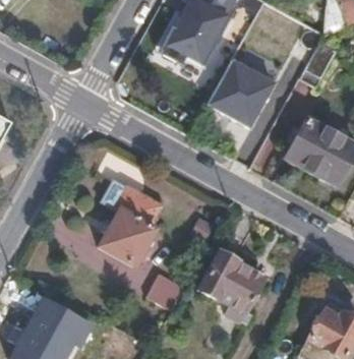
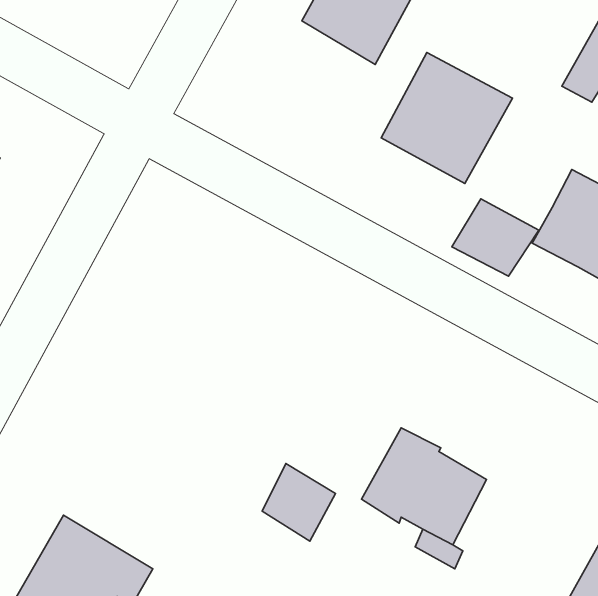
building: none -> [452,199,539,276]
building: [100,189,166,266] -> none

